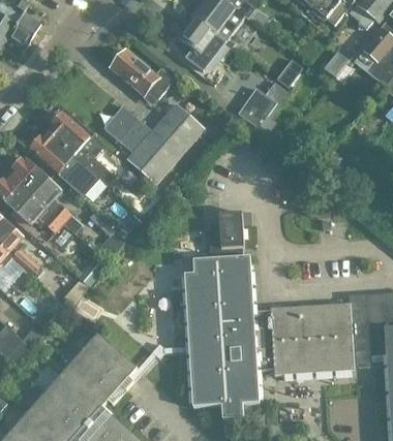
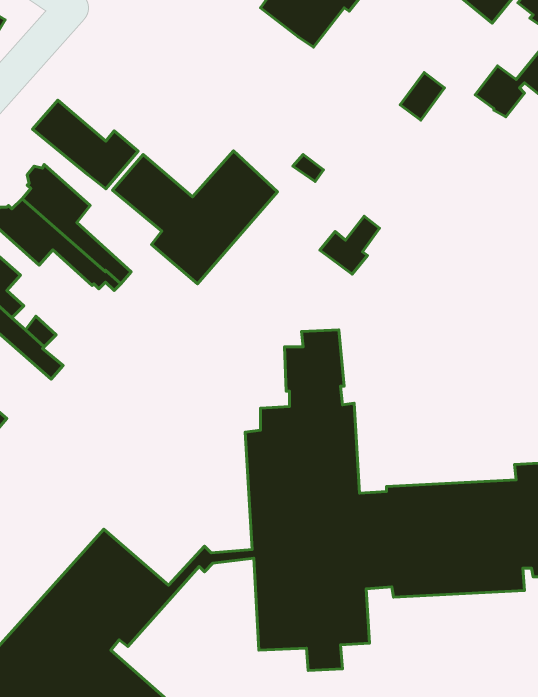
building: [178,17,216,64] -> none
building: [111,49,175,102] -> [32,100,138,189]
building: [237,92,273,127] -> [320,216,379,274]

